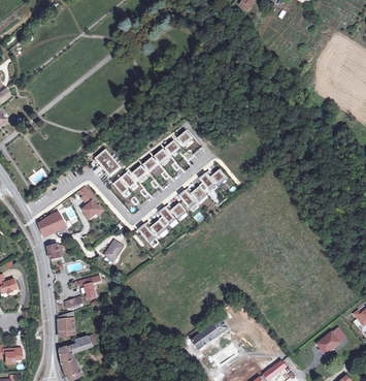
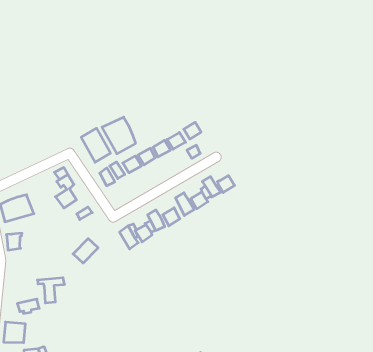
building: none -> [102,117,135,154]

